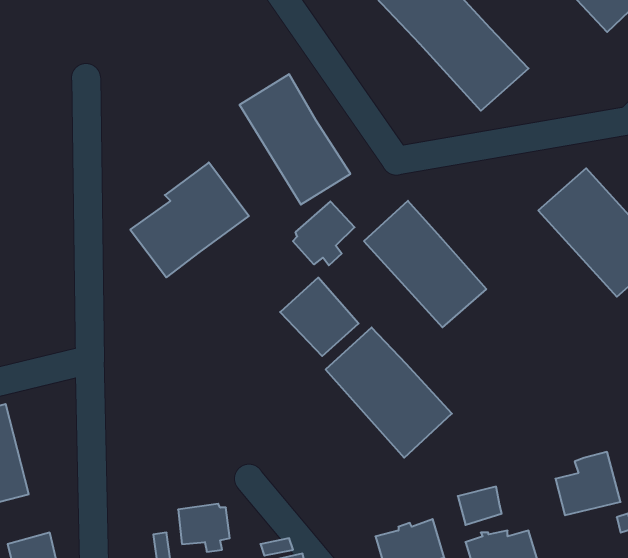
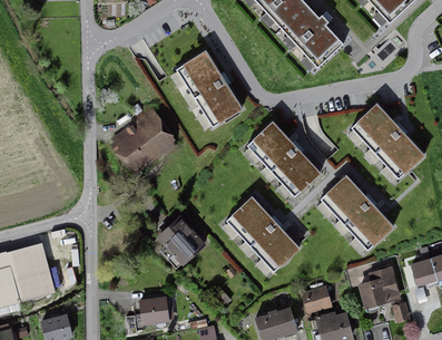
building: [293,201,355,265] -> none
building: [280,278,359,356] -> [159,216,205,262]
building: none -> [321,174,393,249]

